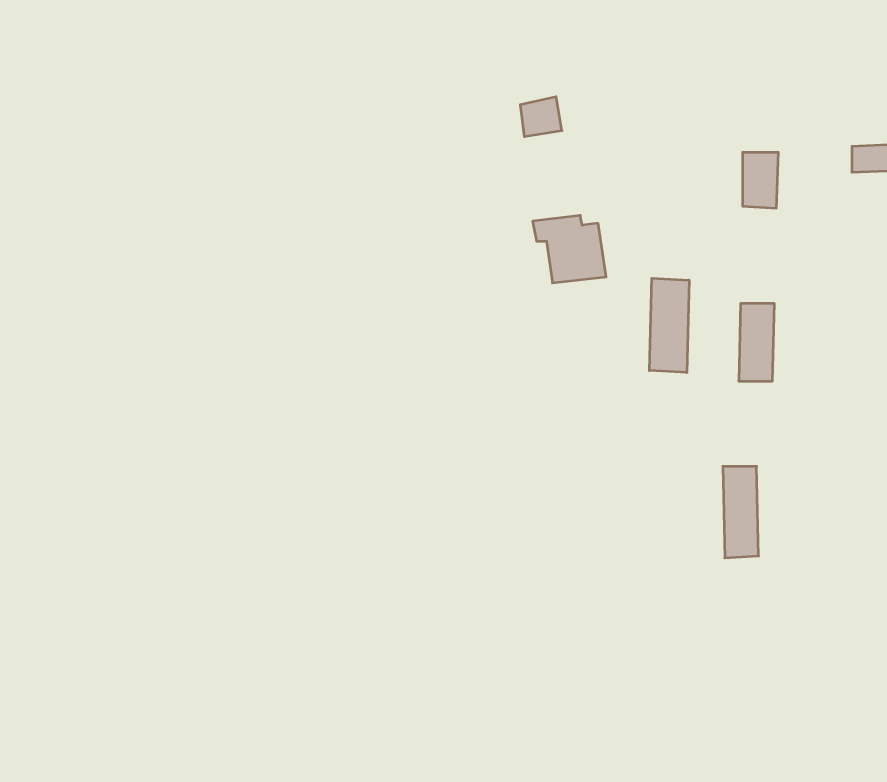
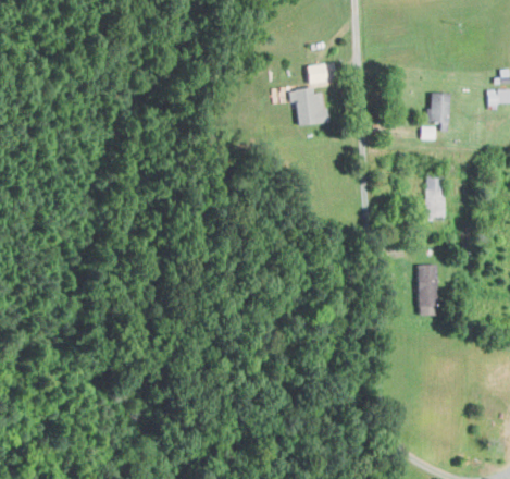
building: [533,215,606,283] -> [288,88,328,125]
building: [649,278,689,373] -> none

